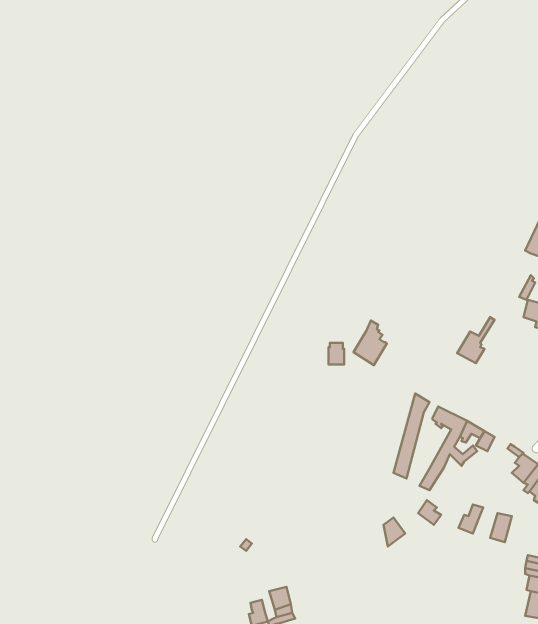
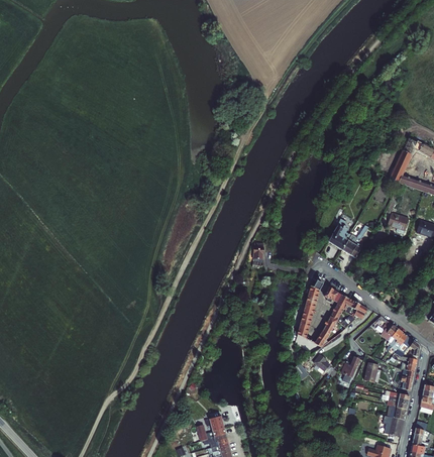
building: [354,320,387,365] -> [327,220,350,251]

